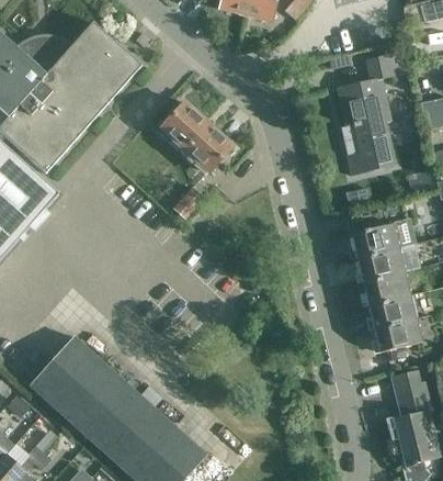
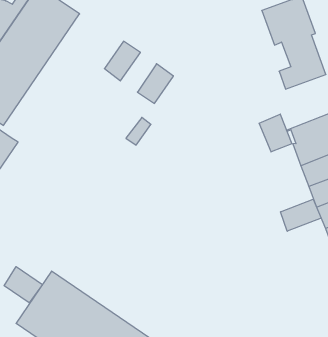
building: [175,115,216,157] -> none
building: none -> [259,114,292,152]
building: none -> [281,199,321,231]
building: none -> [4,267,42,303]

